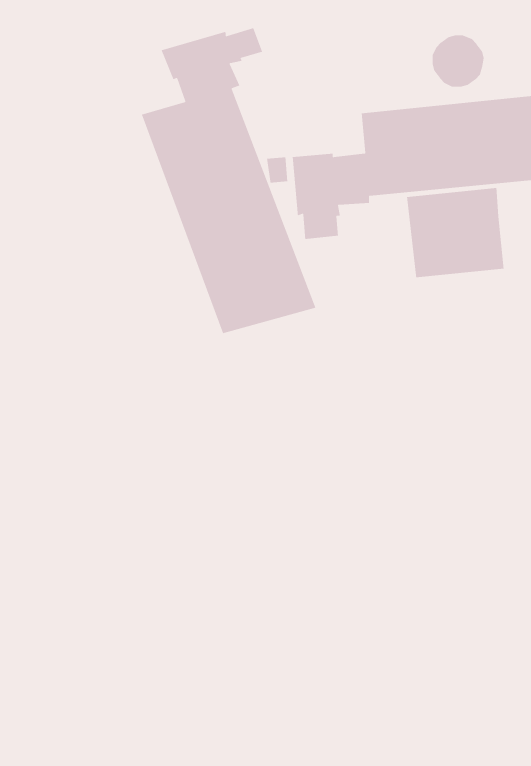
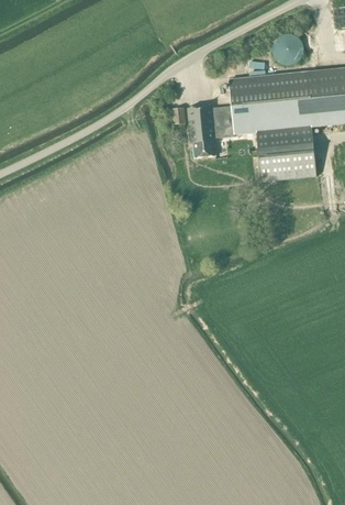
building: [141,27,316,334] -> none

